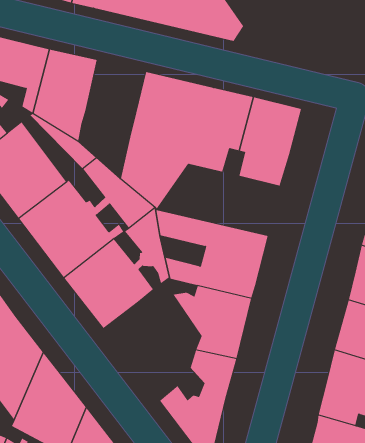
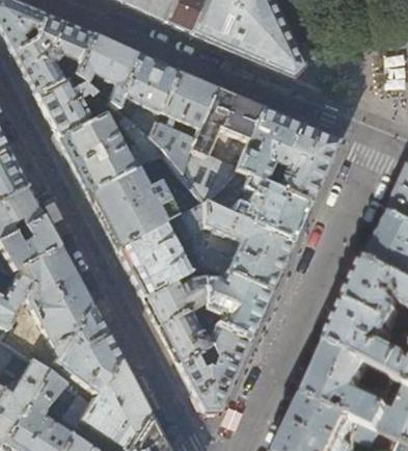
building: none -> [160,69,215,126]
building: none -> [149,120,193,170]
building: none -> [205,168,310,239]
building: none -> [143,274,223,361]

